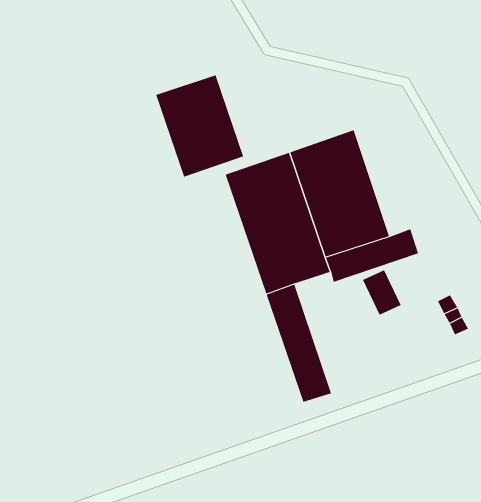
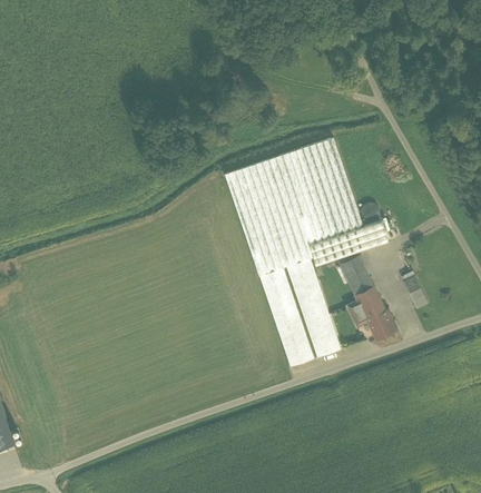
building: [156,74,244,178] -> none
building: none -> [286,257,342,357]
building: none -> [347,284,397,338]

